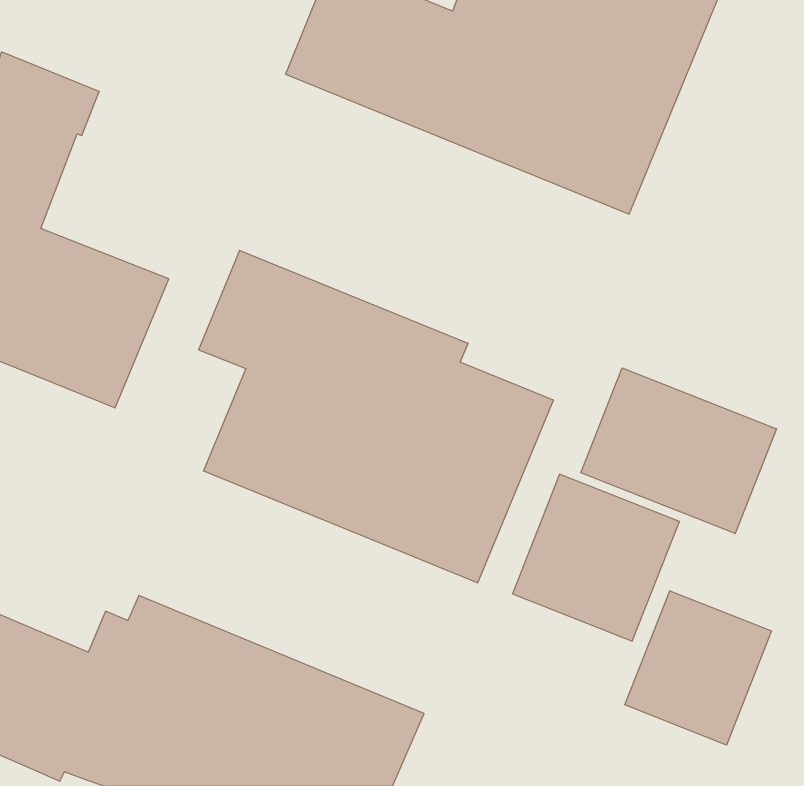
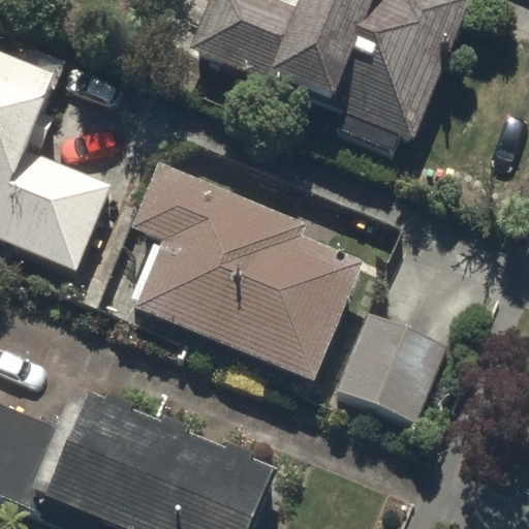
building: [581,368,777,534] -> none
building: [625,591,772,745] -> none

